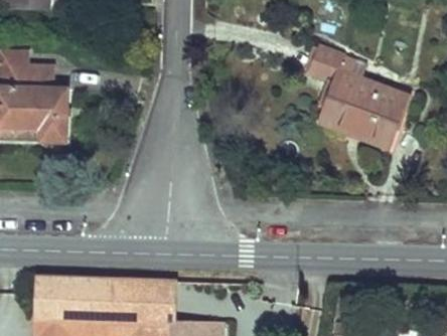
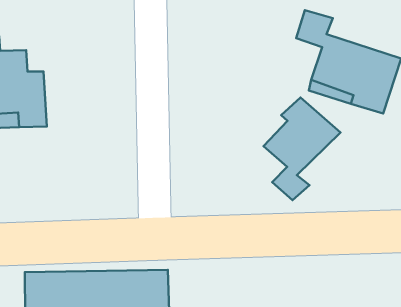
building: none -> [263,97,341,200]

